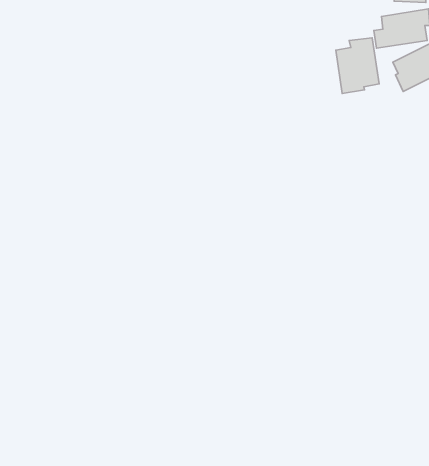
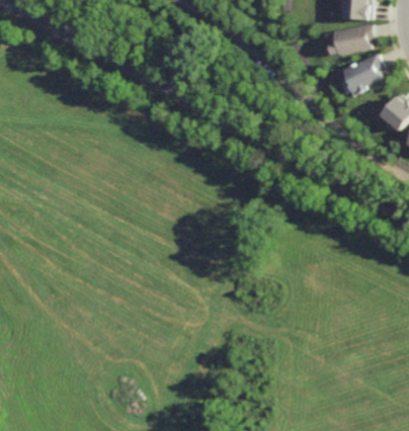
building: [336,38,379,94] -> none

